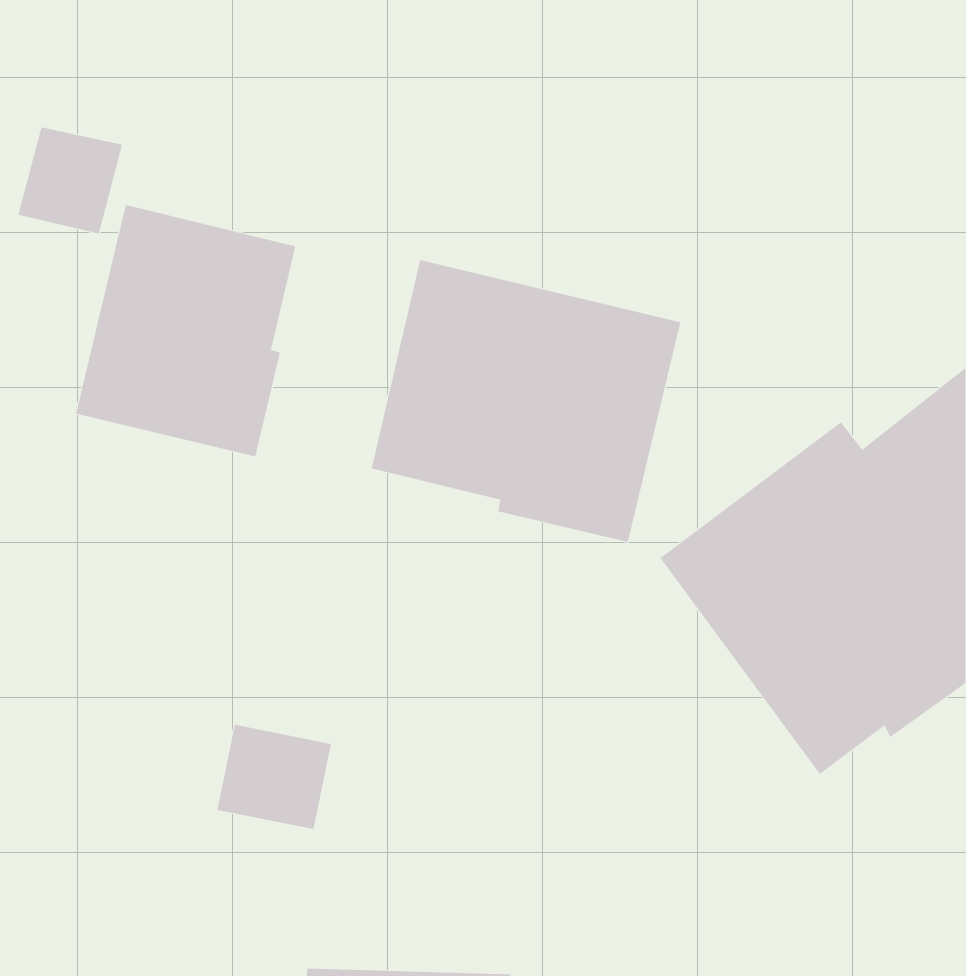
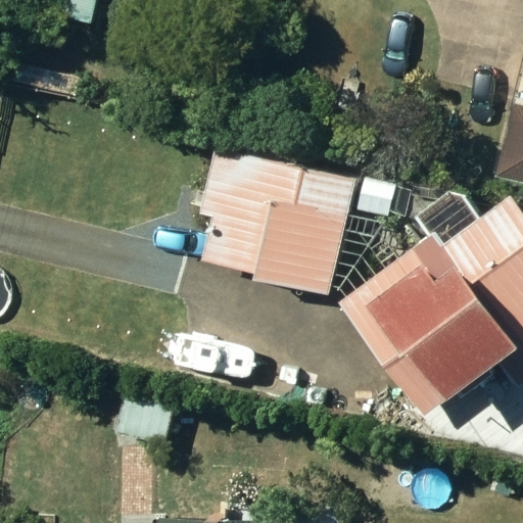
building: [76,204,296,457] -> none

